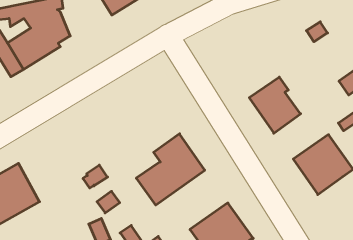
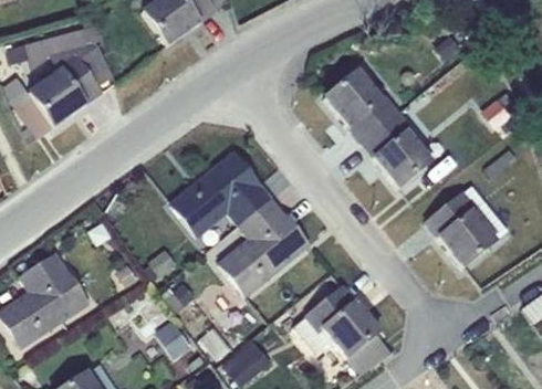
building: none -> [324,71,399,143]
building: none -> [170,153,270,238]

